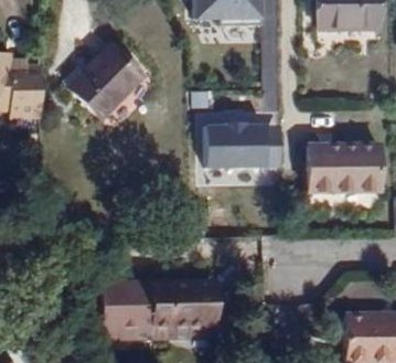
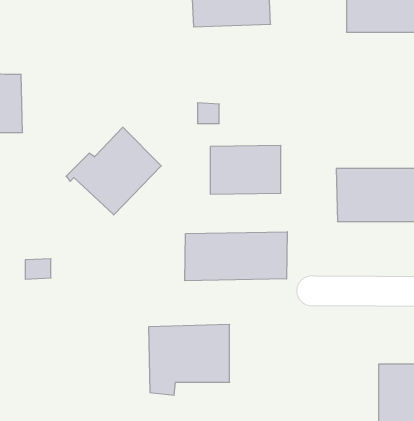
building: [62,42,143,117] -> [66,127,161,215]
building: none -> [185,232,287,281]
building: [93,281,150,339] -> none

